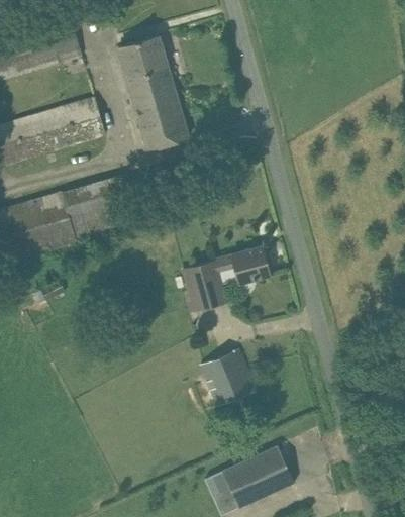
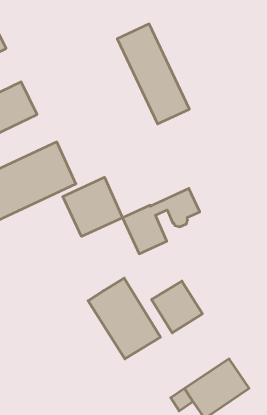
building: [118,36,187,150] -> [117,24,189,124]
building: none -> [63,177,123,236]
building: none -> [88,278,160,359]

